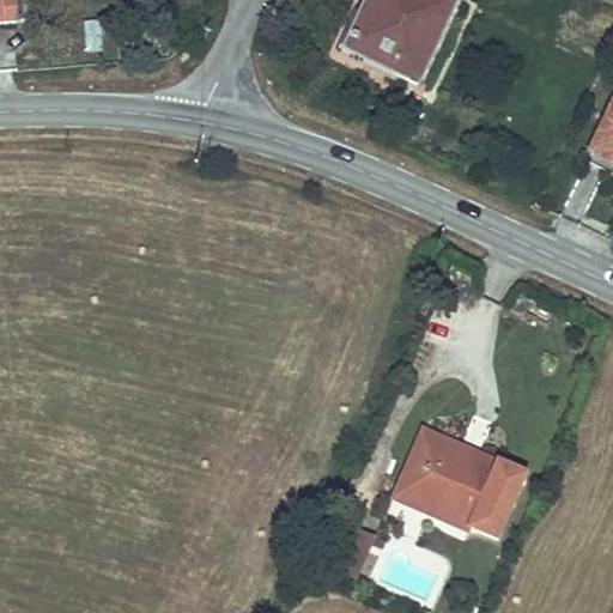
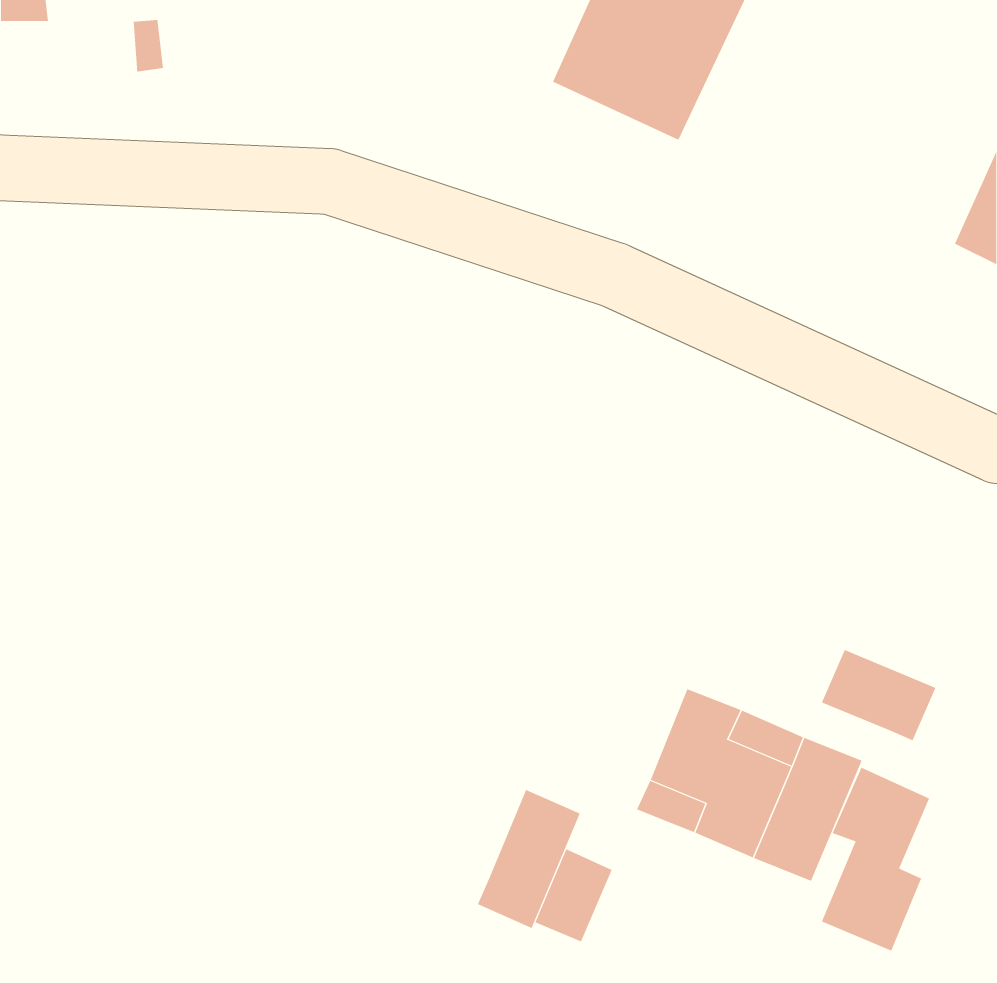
building: none -> [821,649,936,741]
building: none -> [821,767,930,951]
building: none -> [477,789,581,929]

